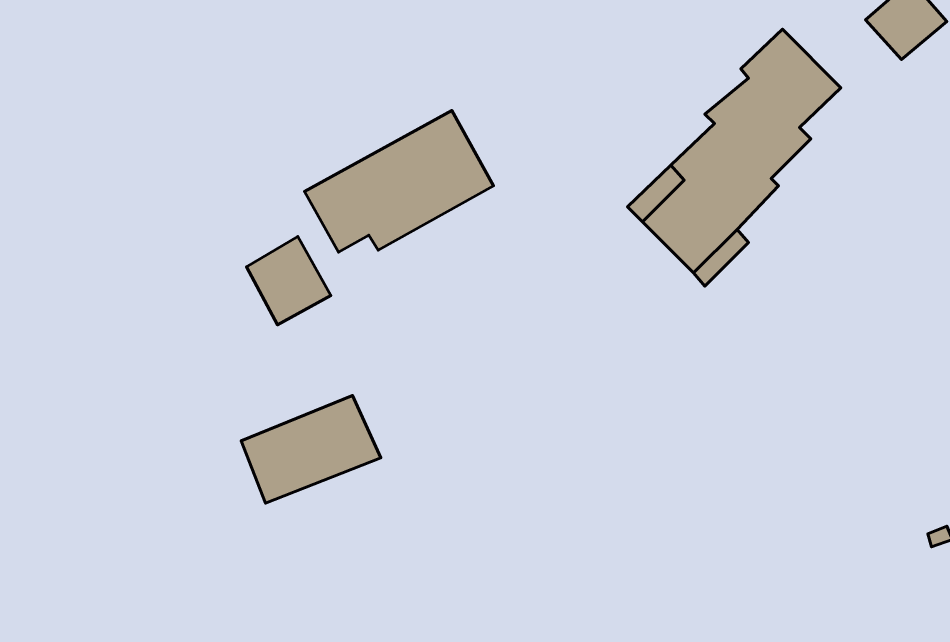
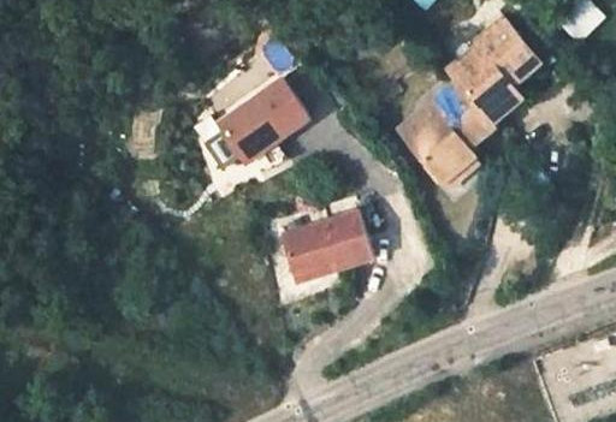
building: [247,237,331,325] -> none
building: [241,395,381,503] -> [277,209,366,278]

